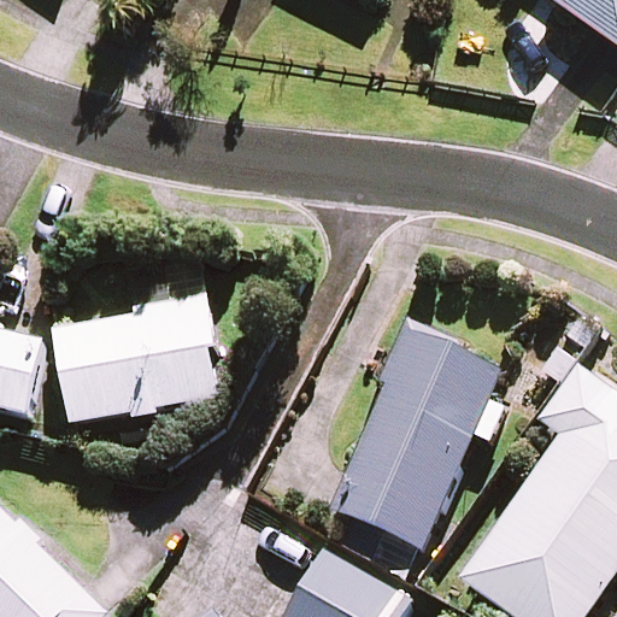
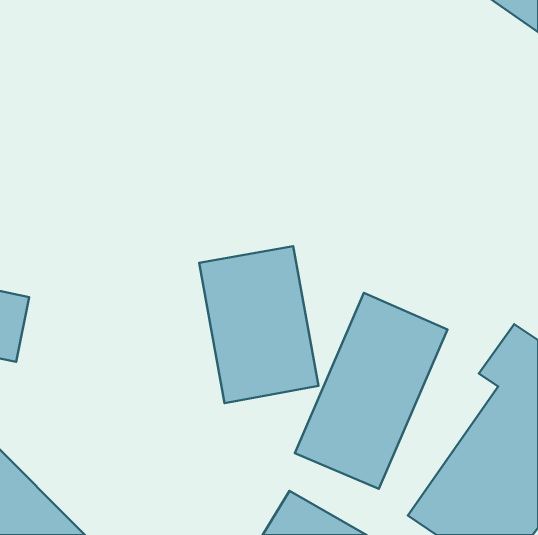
building: none -> [199,246,319,403]
building: [55,301,219,423] -> none

